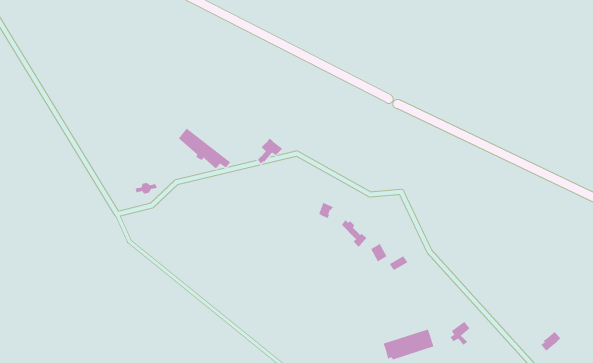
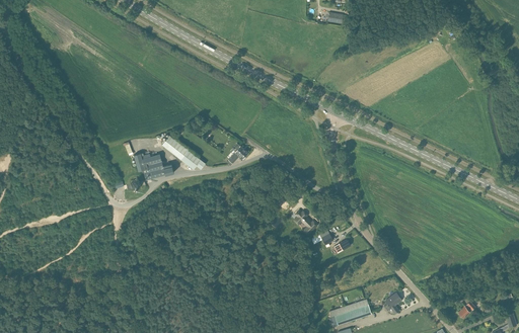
building: none -> [133,153,173,179]

